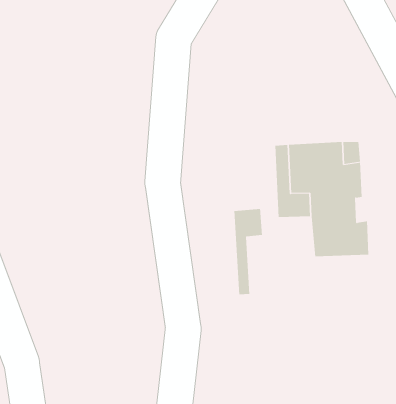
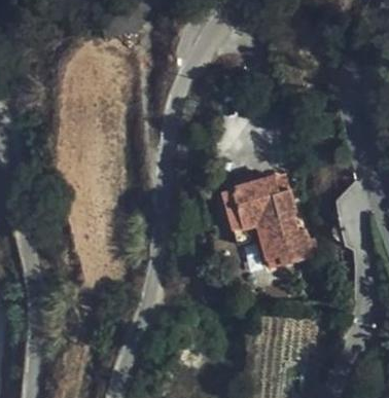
building: [234,208,262,295] -> none

